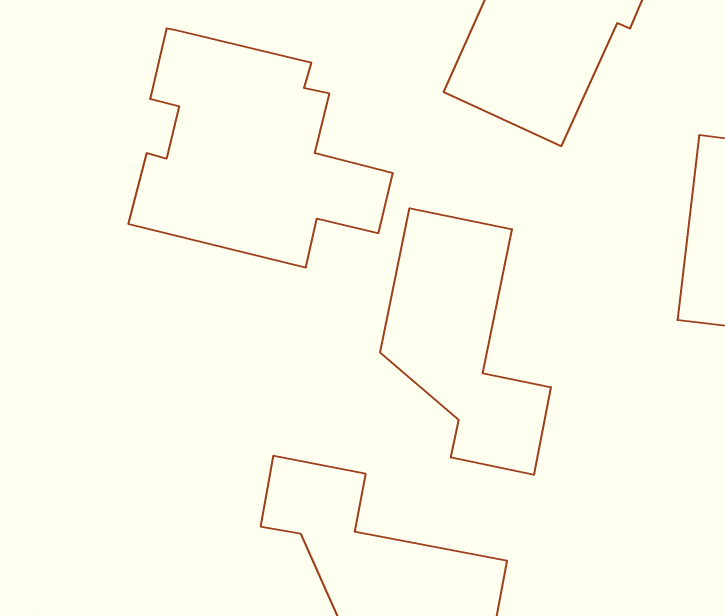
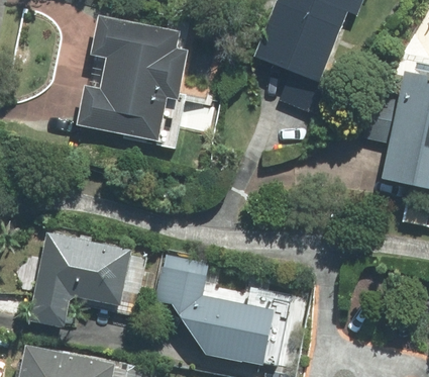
building: [380,208,551,475] -> none
building: none -> [31,233,126,329]

